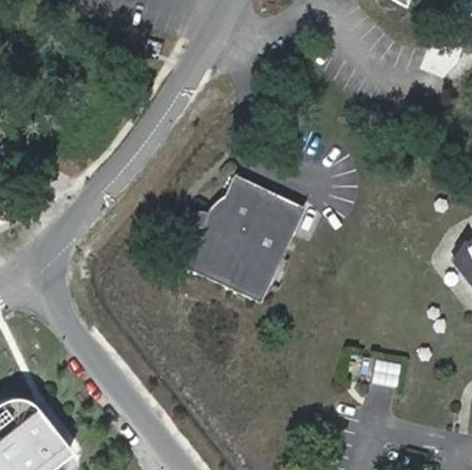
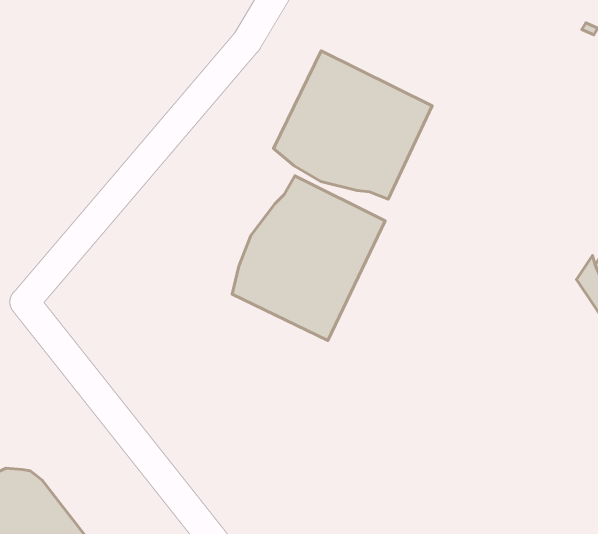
building: none -> [273,51,432,199]

